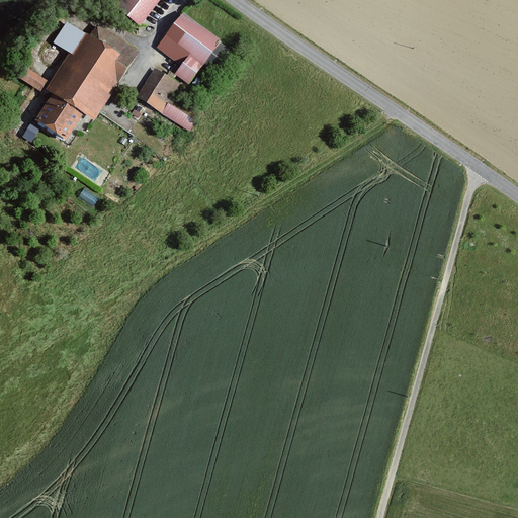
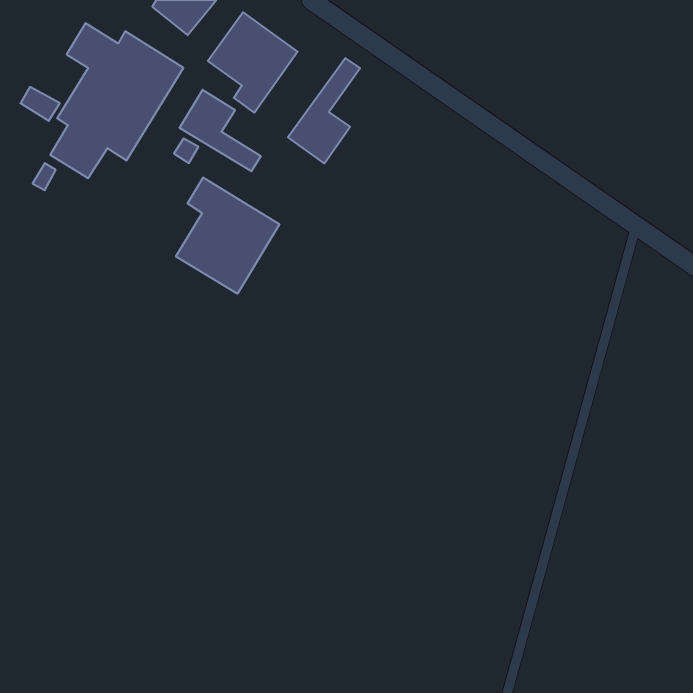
building: none -> [288,58,360,163]
building: none -> [176,177,279,294]

